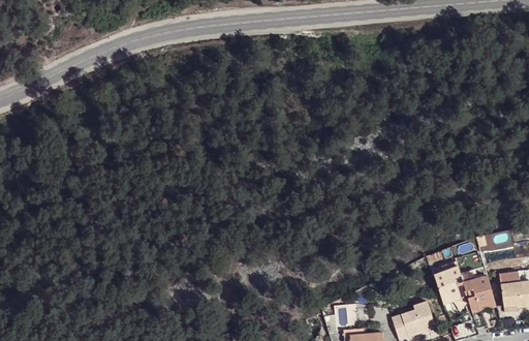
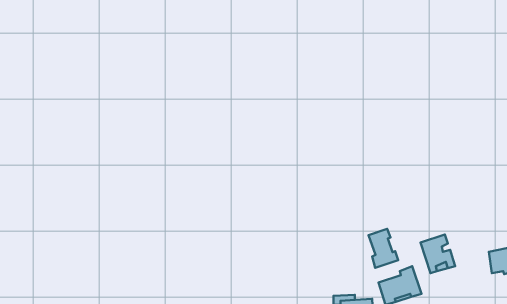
building: none -> [369,229,398,268]
building: [462,274,496,315] -> none

